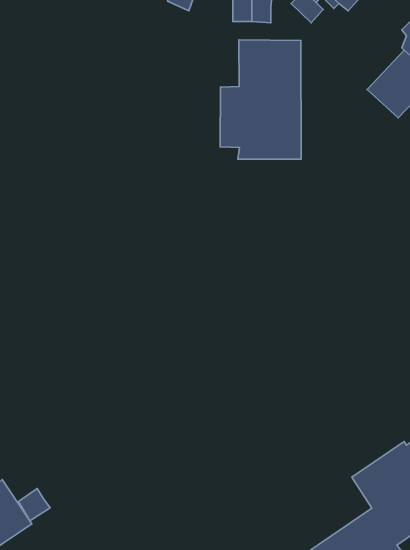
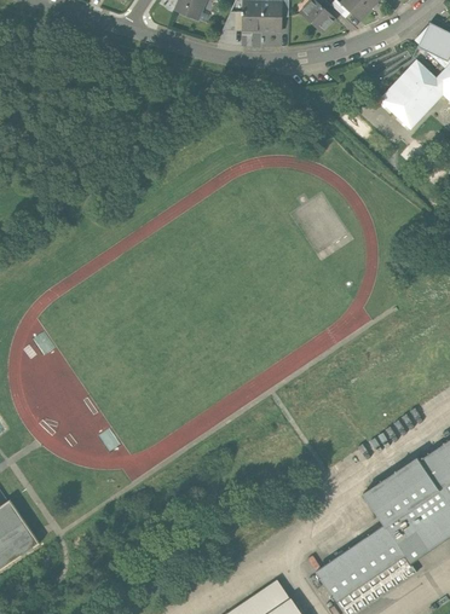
building: [220,40,301,159] -> none
building: [19,489,50,521] -> none

